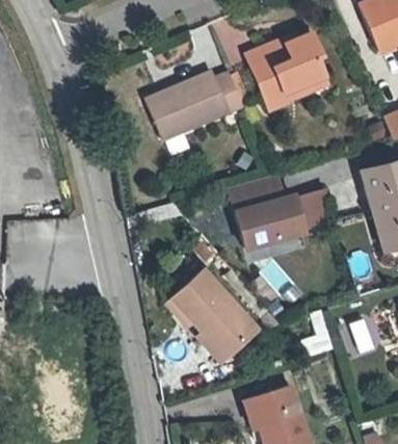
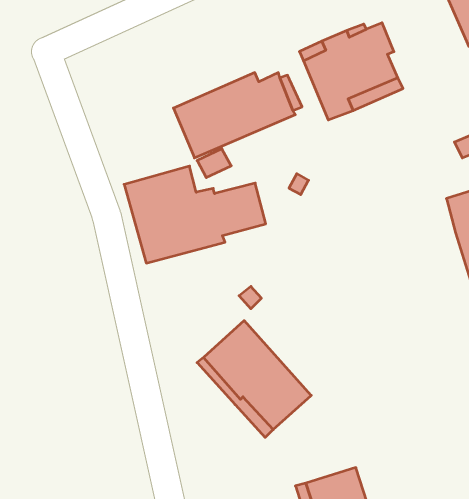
building: [225,176,338,253] -> [124,166,266,263]

